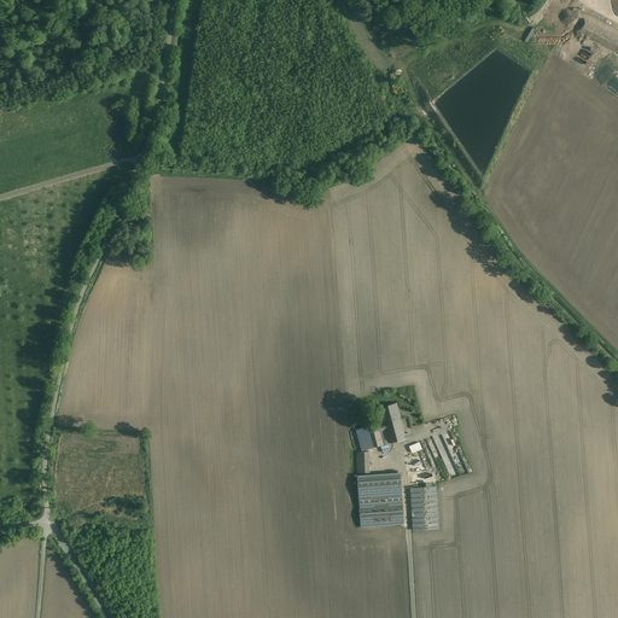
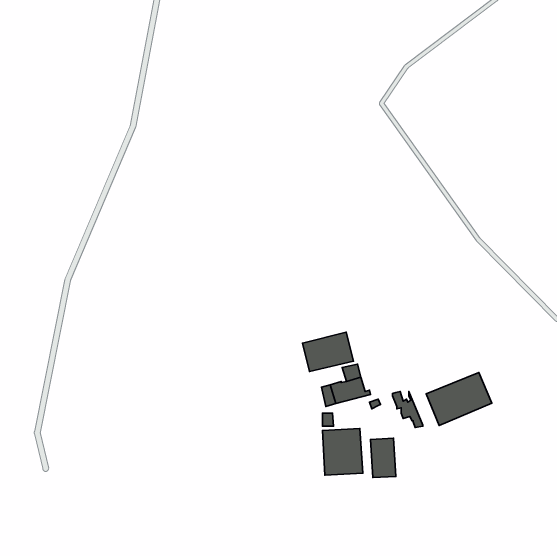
building: none -> [303,332,353,371]
building: none -> [426,372,492,425]

